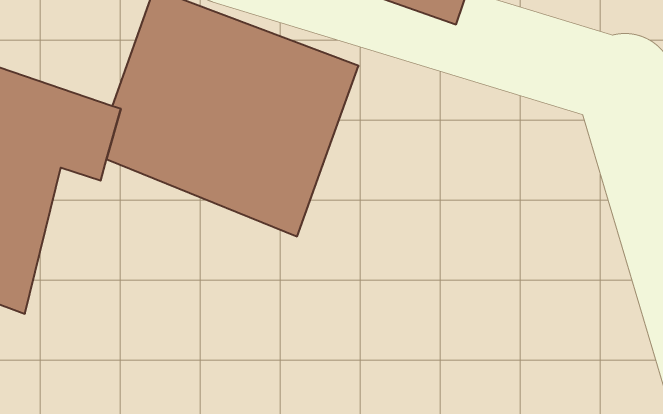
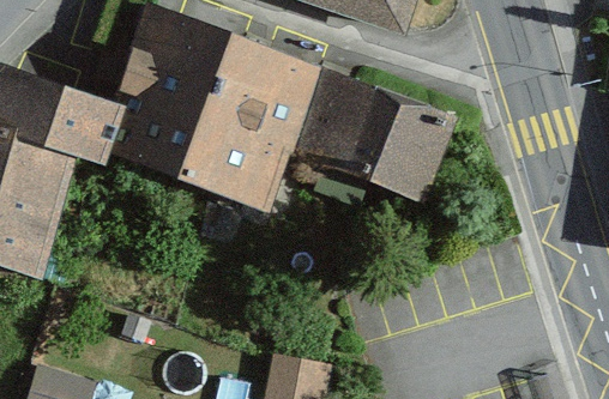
building: none -> [288,69,452,201]

